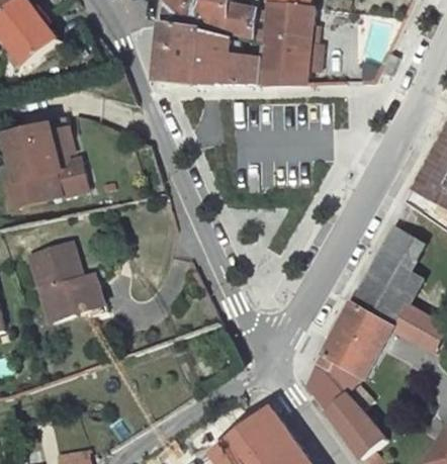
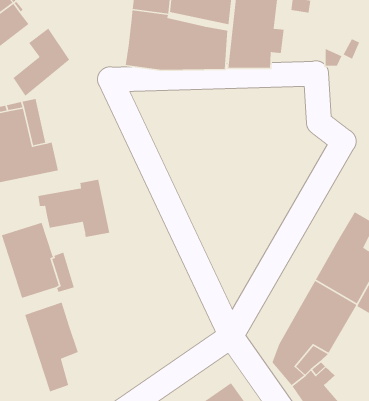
building: none -> [12,28,70,97]
building: none -> [38,179,110,238]
building: none -> [24,302,79,392]

